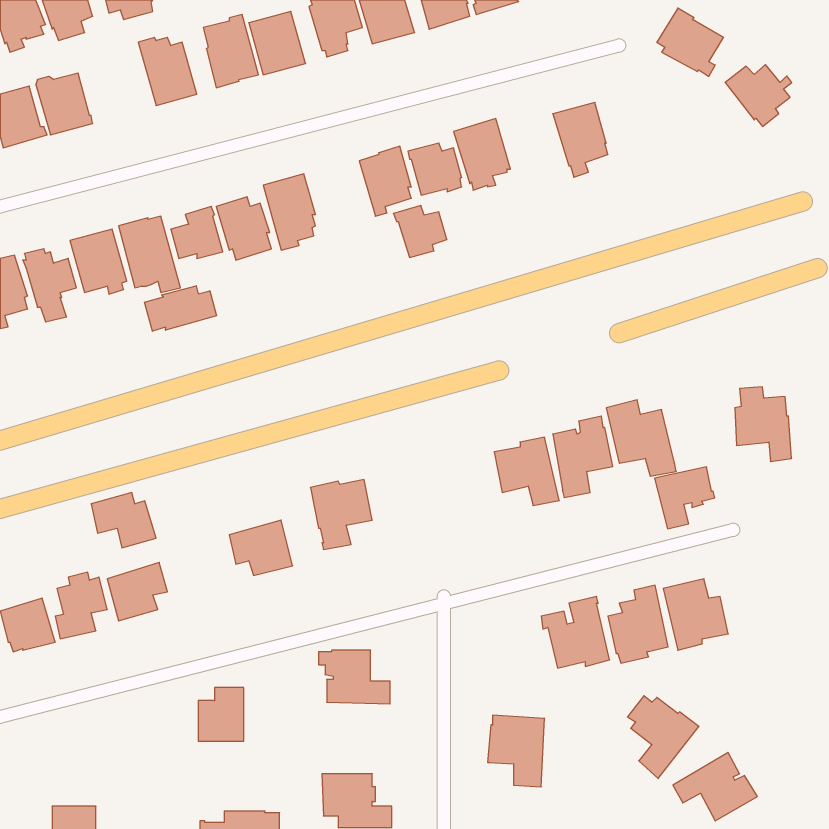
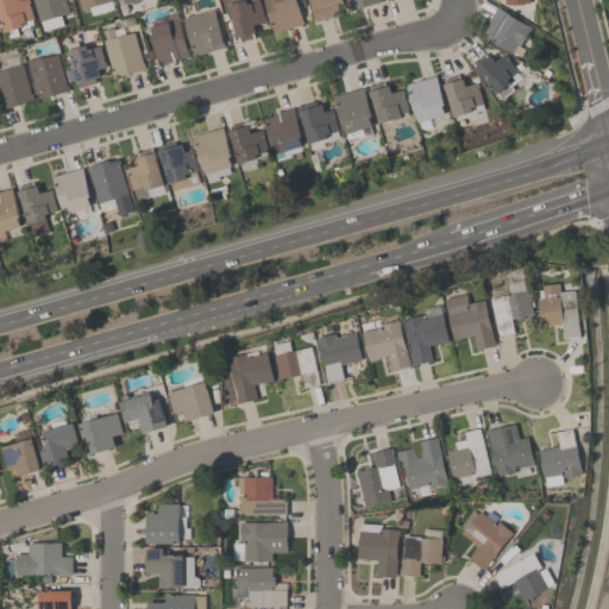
building: none -> [68,44,107,89]
building: [725,65,792,126] -> [475,55,523,100]
building: none -> [444,75,485,117]
building: none -> [370,82,409,125]
building: [393,205,447,257] -> [228,126,268,164]
building: [145,286,217,331] -> none
building: none -> [318,332,363,382]
building: none -> [274,341,320,388]
building: [655,467,715,529] -> [490,291,534,337]
building: [91,493,156,548] -> [121,394,169,434]
building: none -> [539,431,582,486]
building: none -> [356,448,400,508]
building: none -> [234,522,288,563]
building: none -> [400,529,444,576]
building: none -> [15,542,73,576]
building: none -> [146,548,194,588]

